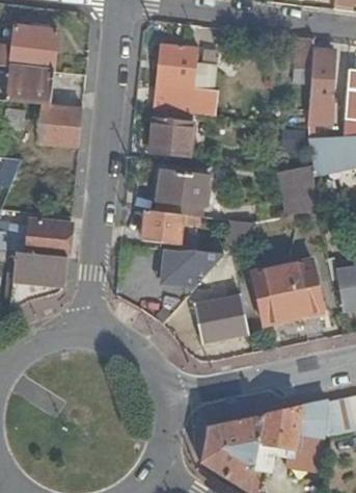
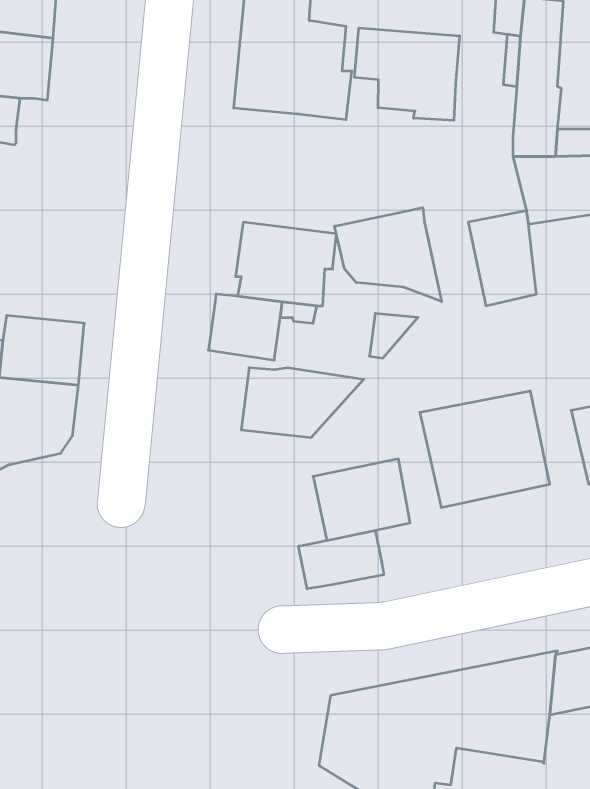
building: none -> [355,28,459,120]
building: [43,104,85,149] -> none
building: [149,109,188,154] -> none
building: none -> [335,208,442,302]
building: none -> [299,531,384,589]

